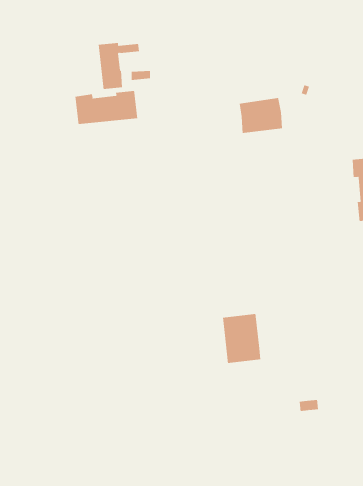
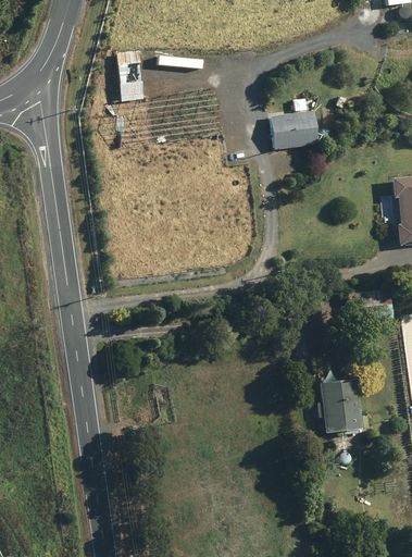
building: [75,90,138,125] -> none
building: [222,313,261,363] -> [319,377,361,432]

